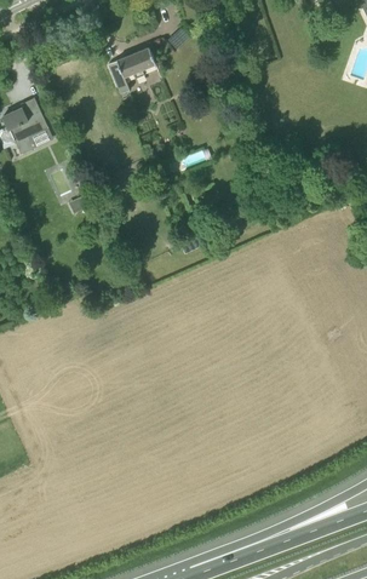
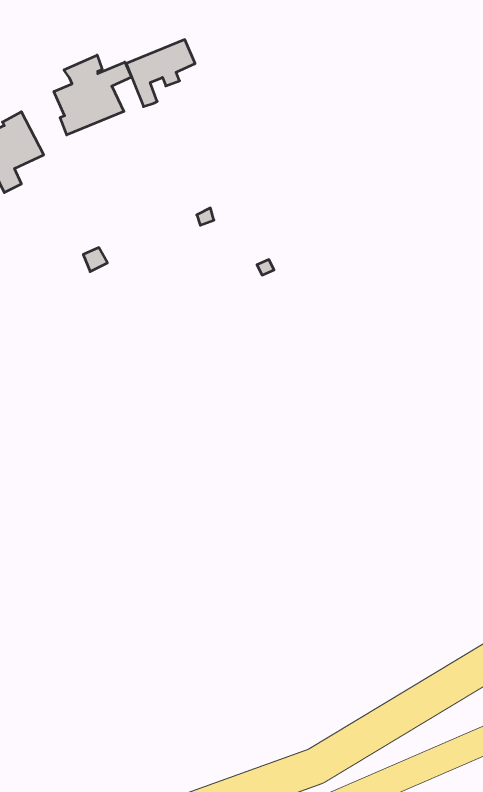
building: none -> [54,55,131,135]

